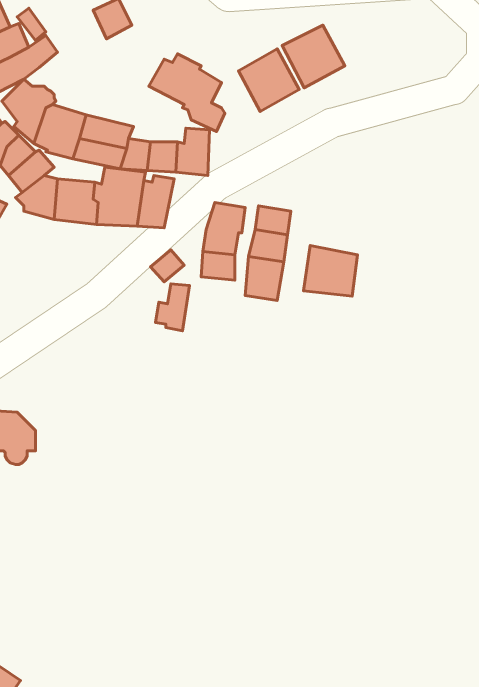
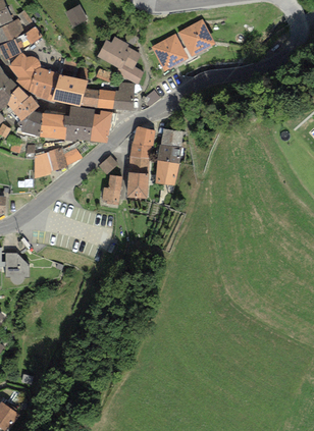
building: none -> [34,147,75,178]
building: [304,245,357,296] -> none
building: none -> [126,171,149,198]

